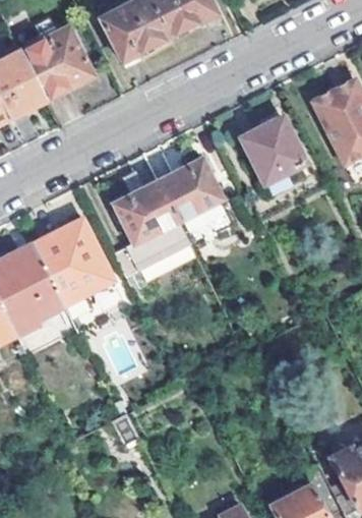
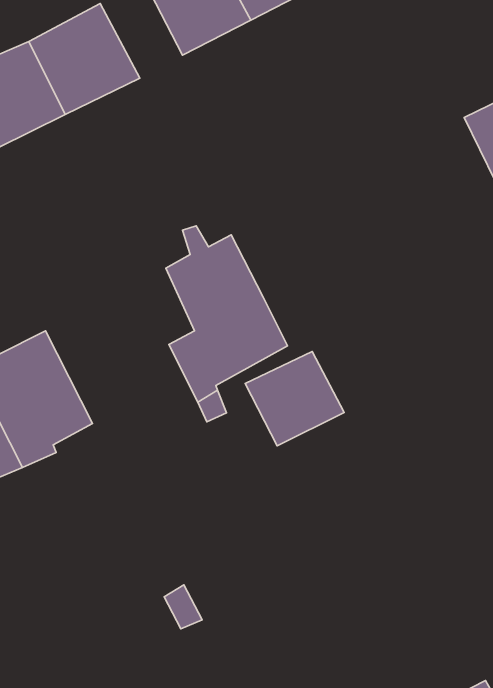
building: [241,118,303,182] -> none
building: [157,159,223,222] -> [245,351,344,446]
building: [33,219,113,306] -> none

